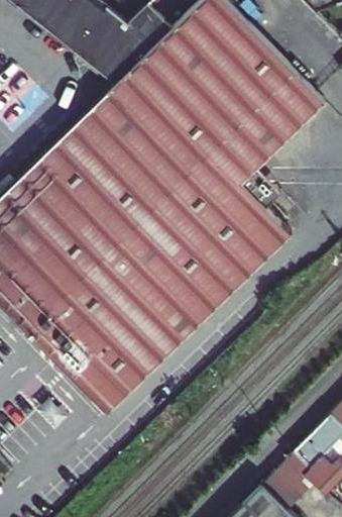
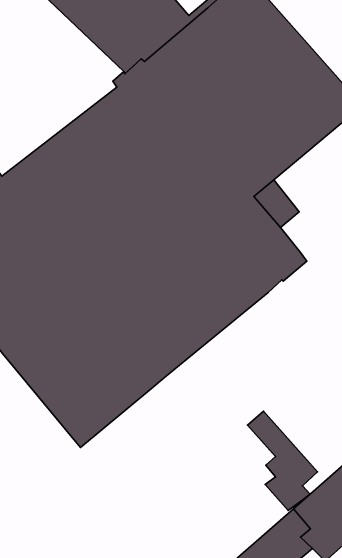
building: none -> [247,411,318,511]

